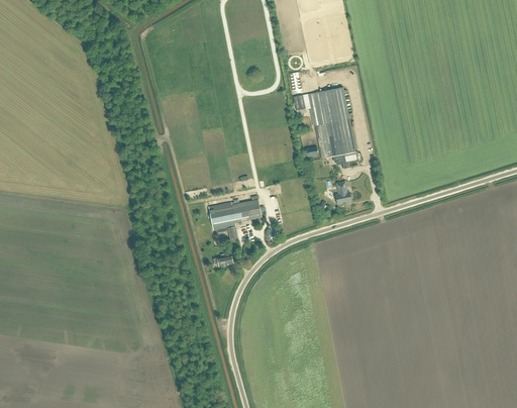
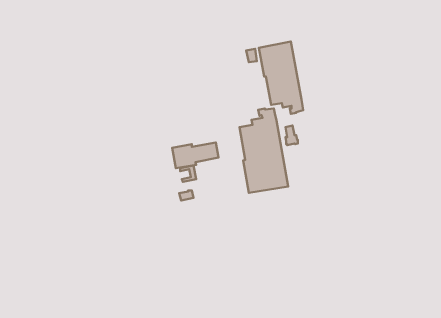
building: none -> [239,108,288,193]

